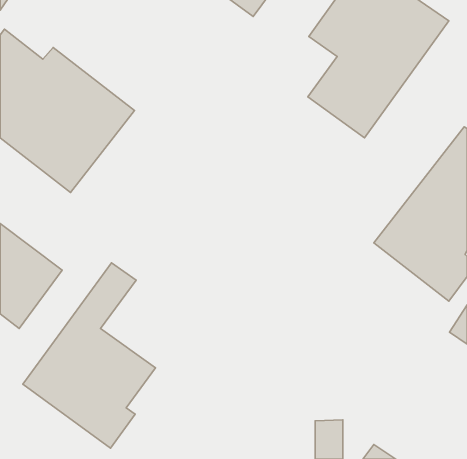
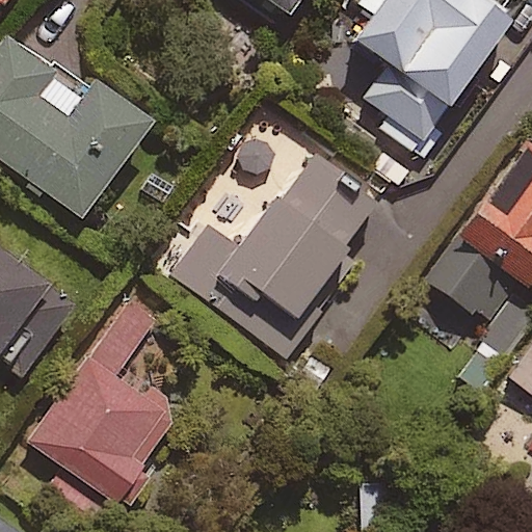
building: none -> [164,144,380,358]

